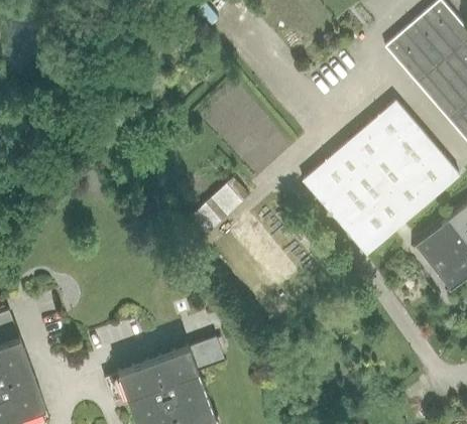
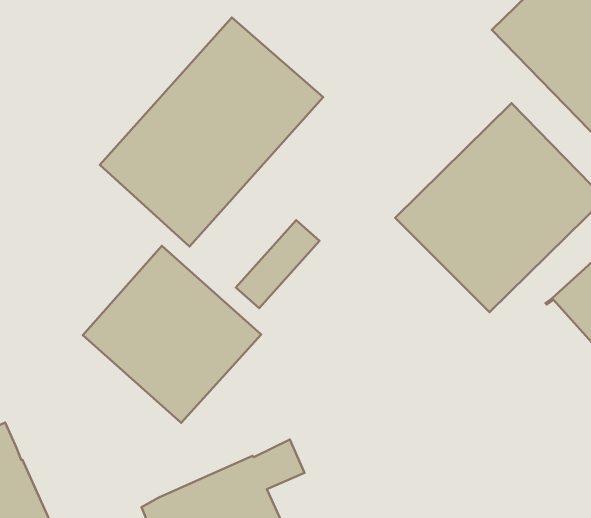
building: none -> [100,17,323,246]
building: none -> [83,246,261,423]

